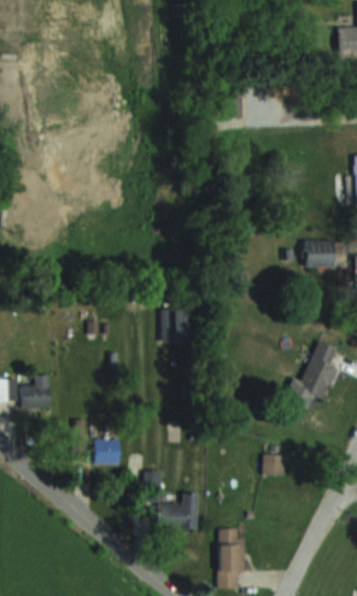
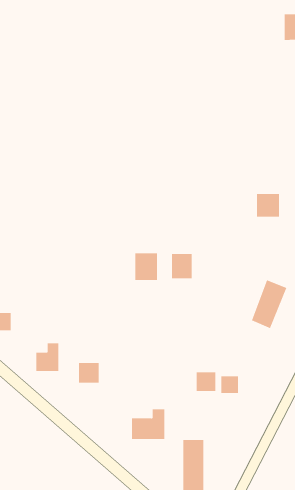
building: none -> [171,253,192,279]
building: [22,374,49,408] -> [36,343,59,372]
building: none -> [196,371,216,392]

